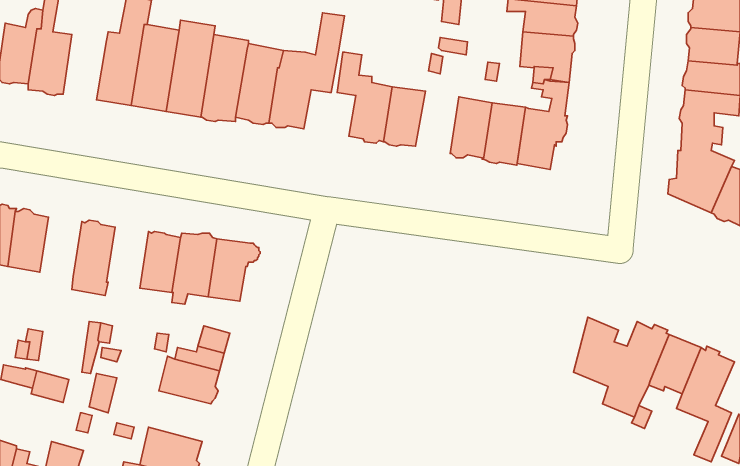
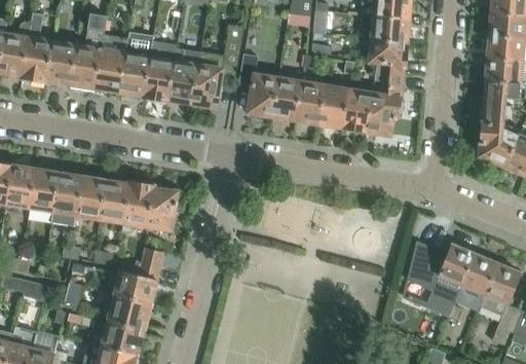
building: none -> [45,40,76,86]
building: none -> [295,80,326,125]
building: none -> [29,170,59,212]
building: none -> [76,177,106,220]
building: none -> [103,292,151,329]

